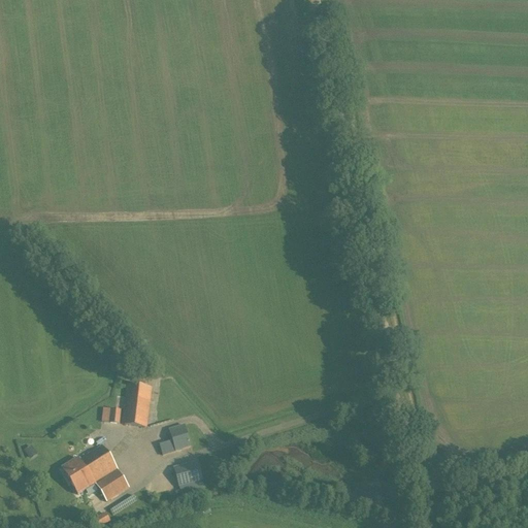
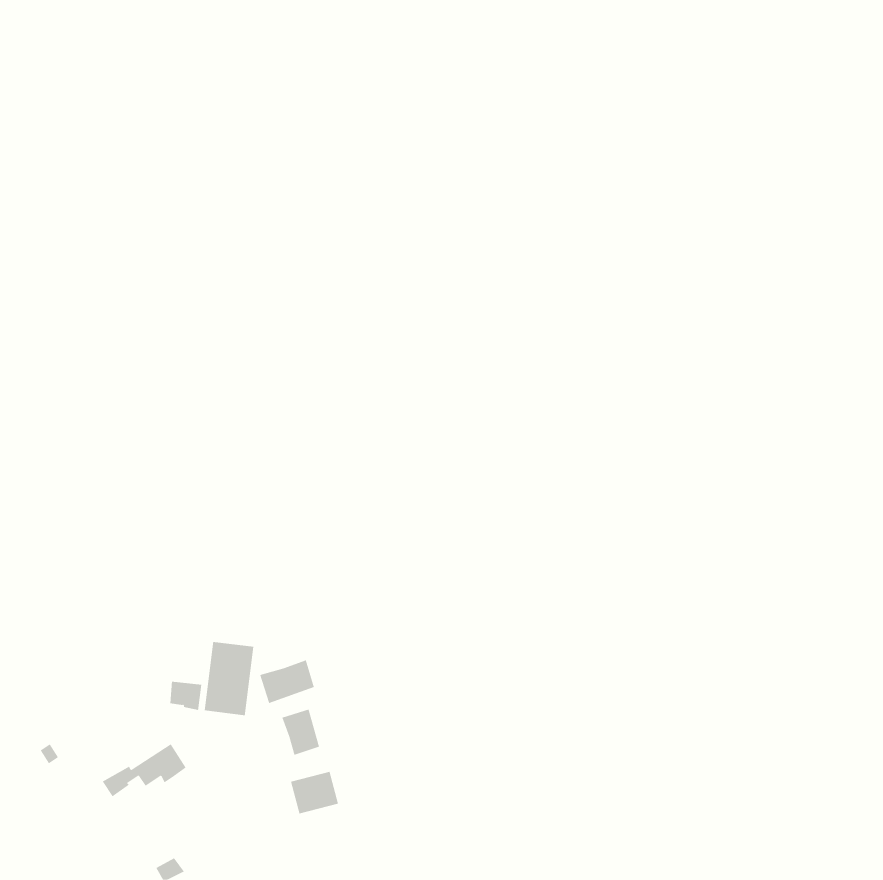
building: none -> [259,660,314,704]
building: [67,458,129,501] -> none

